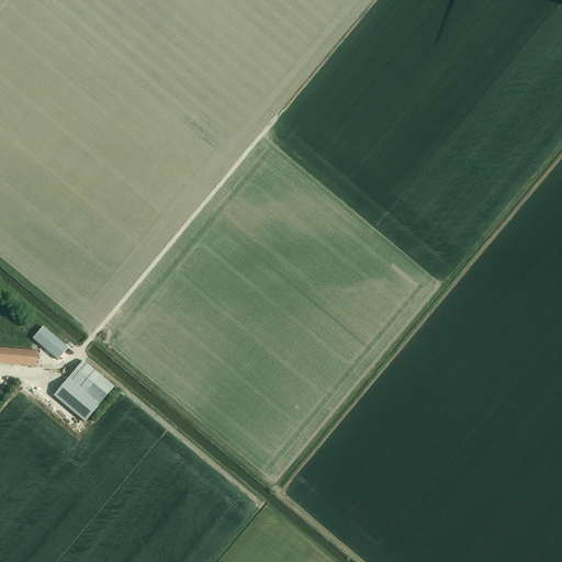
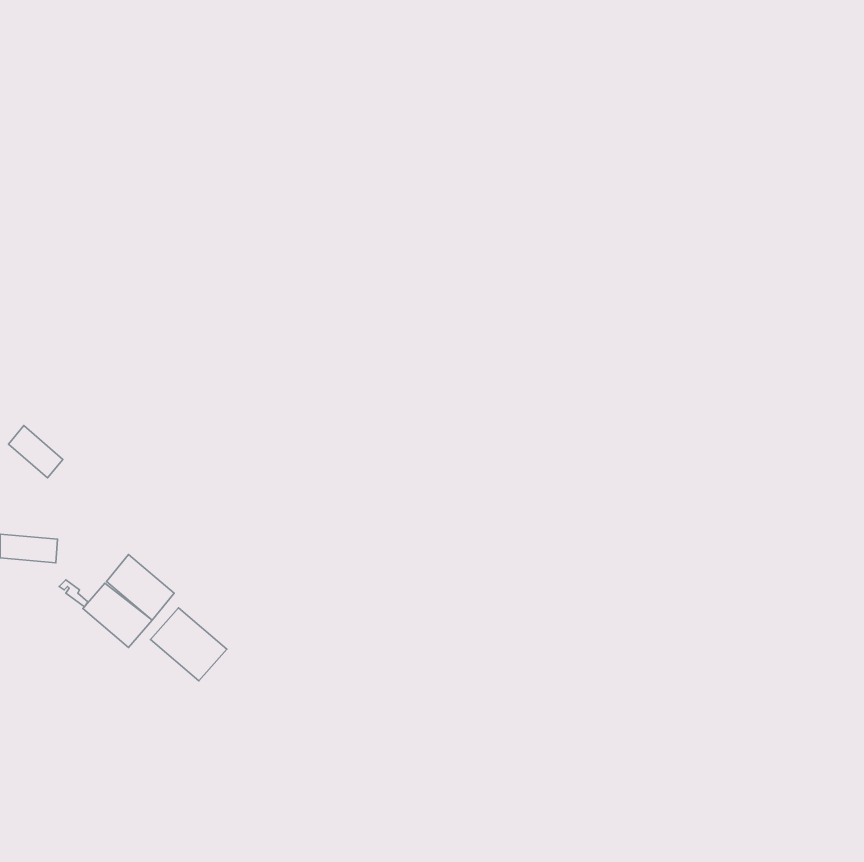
building: [33,326,68,360] -> [9,426,63,478]
building: none -> [150,608,227,681]

